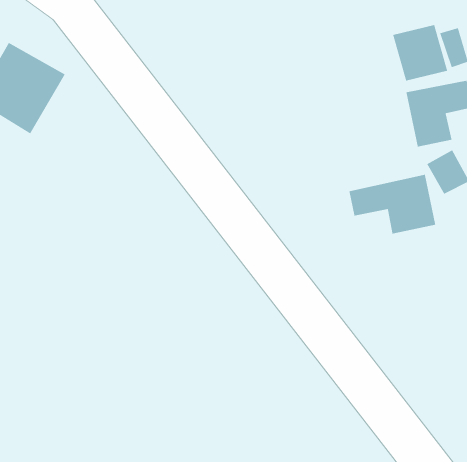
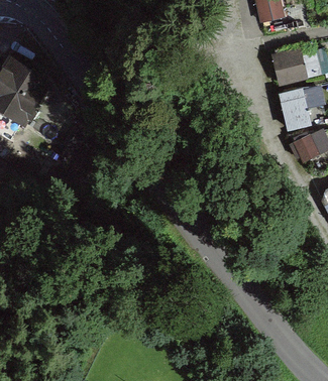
building: [349,174,436,234] -> none

